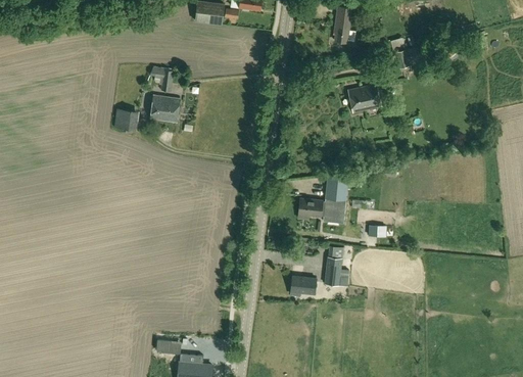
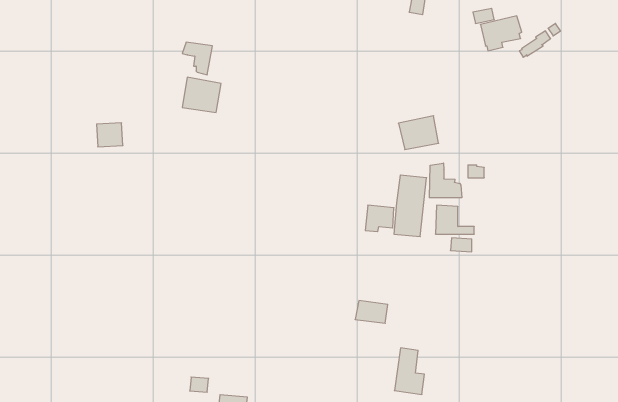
building: [348,85,381,112] -> [398,116,439,150]
building: [118,107,140,127] -> [97,123,123,147]
building: none -> [429,163,462,198]
building: [324,249,348,287] -> [394,348,424,394]

